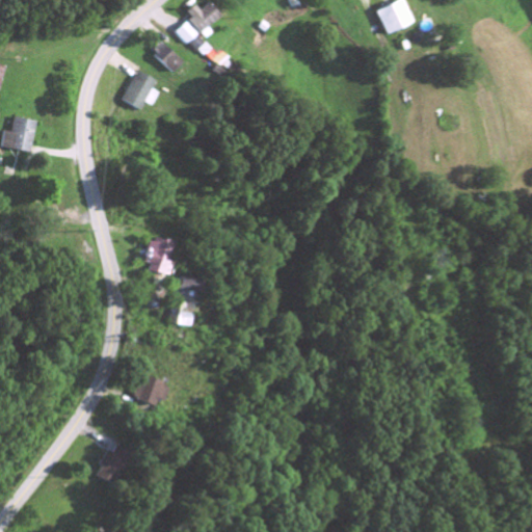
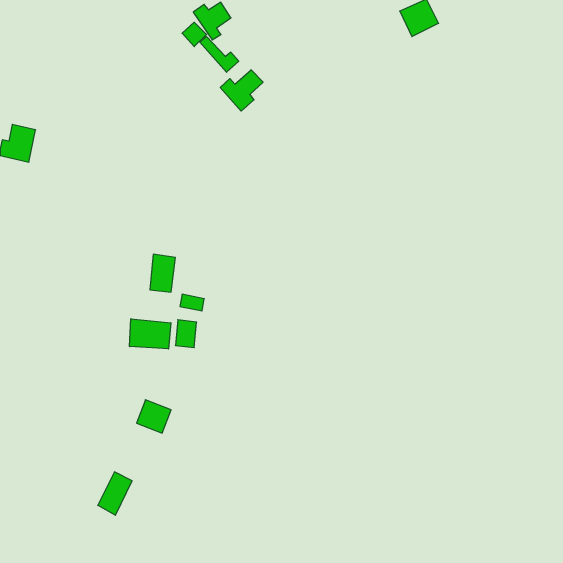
building: [153,42,184,72] -> none
building: none -> [220,70,263,111]
building: [123,71,160,110] -> none
building: none -> [130,319,171,349]

